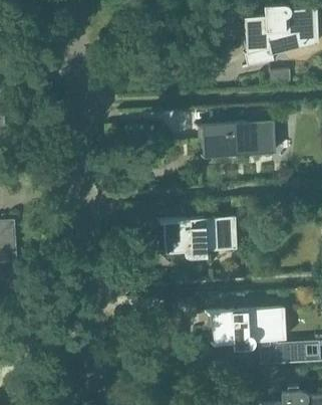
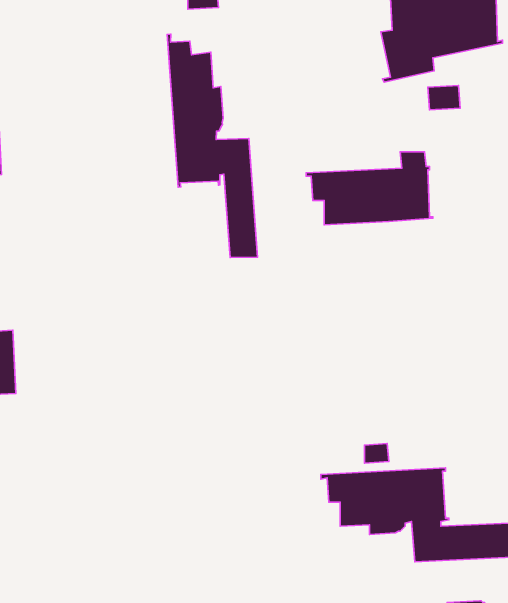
building: none -> [167,34,258,257]
building: [155,215,234,256] -> none

